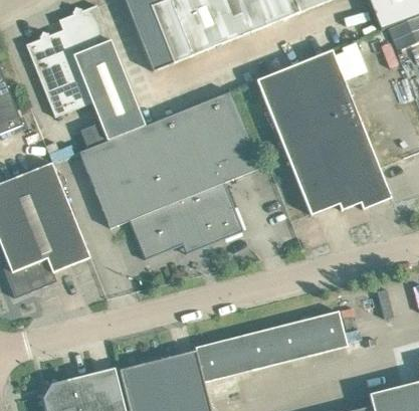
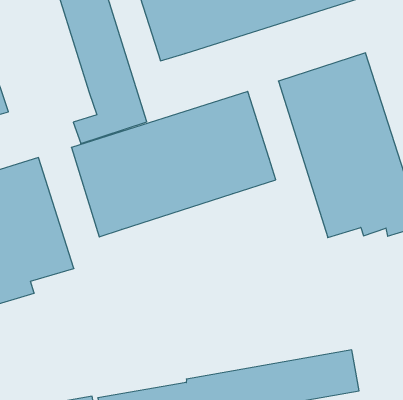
building: [26,29,92,117] -> none
building: [130,182,243,259] -> none

